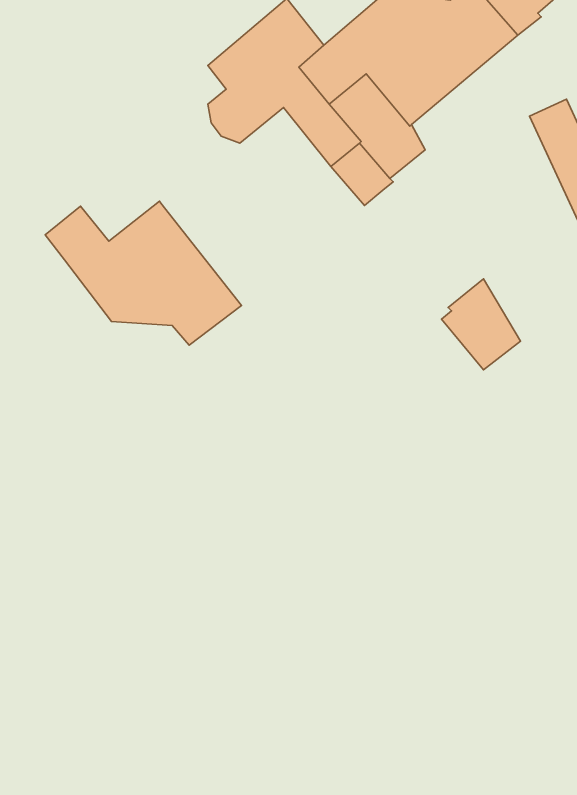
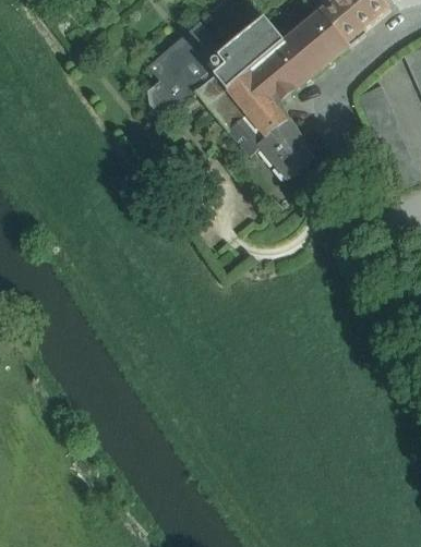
building: [45,201,241,345] -> none
building: [441,279,521,370] -> [262,118,313,177]

